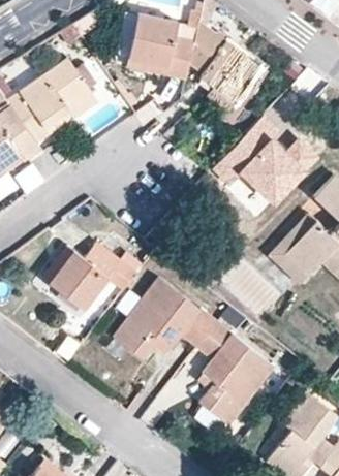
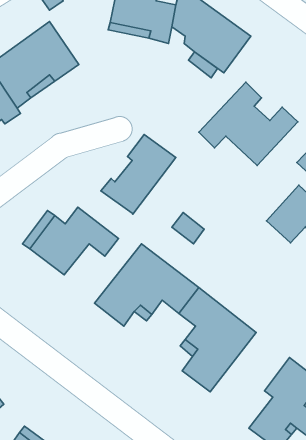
building: none -> [101,134,176,214]
building: [269,214,315,284] -> none

